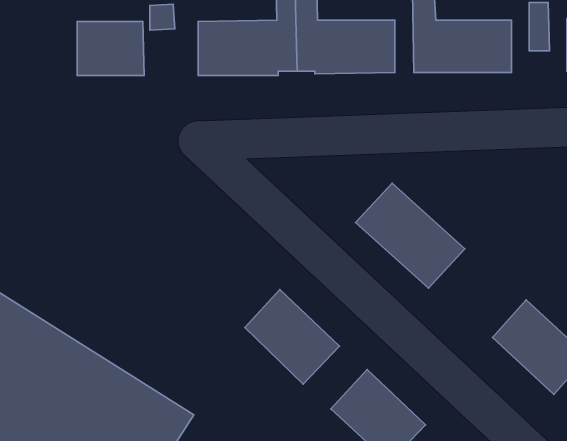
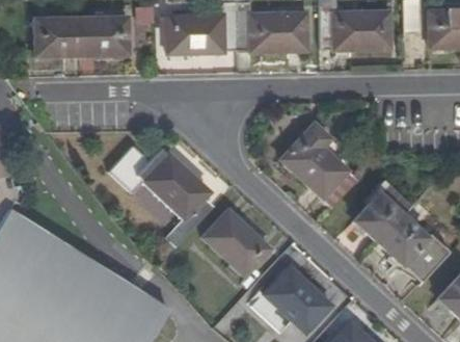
building: none -> [36,17,83,56]
building: none -> [120,156,214,247]
building: none -> [356,178,413,242]

